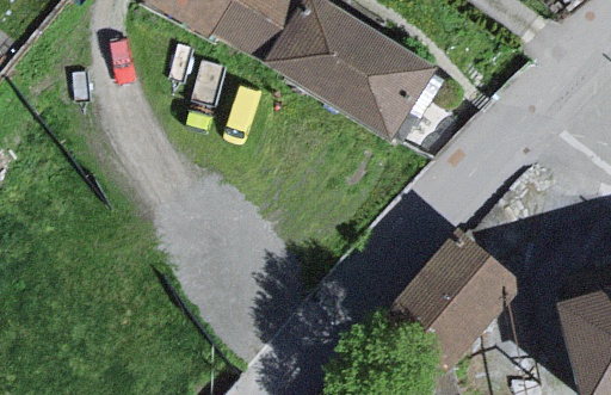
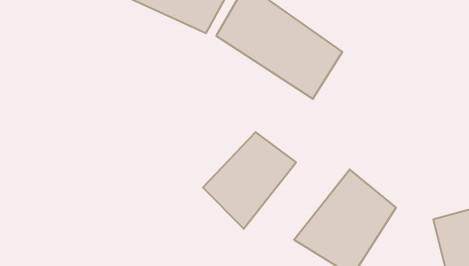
building: none -> [203,132,296,229]

